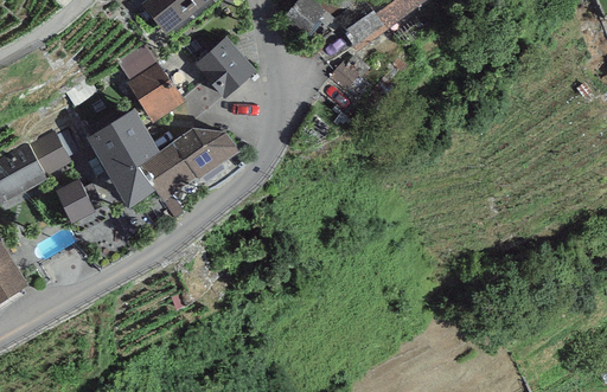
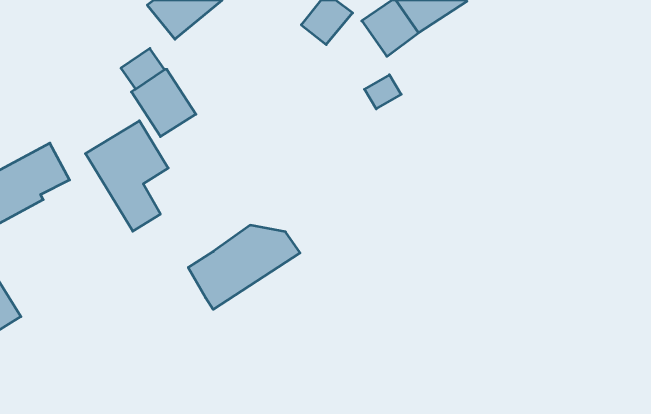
building: [194,37,256,98] -> none
building: [138,128,238,204] -> [188,225,300,309]
building: [53,179,100,225] -> none

